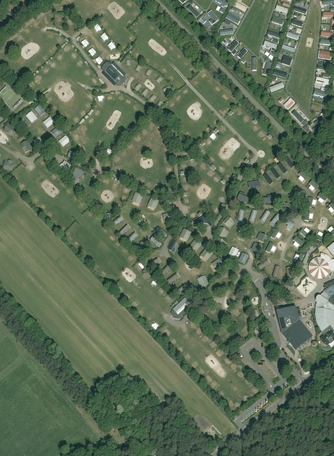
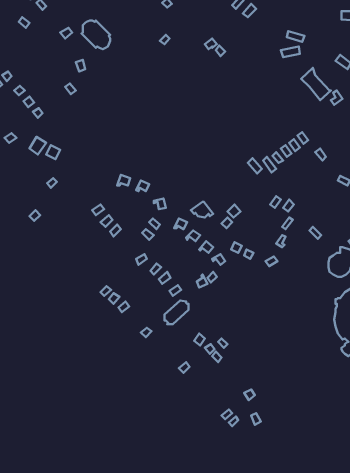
building: [277,306,309,346] -> none

